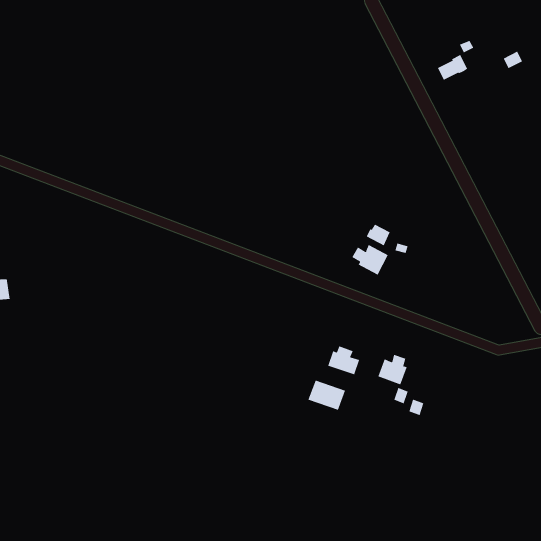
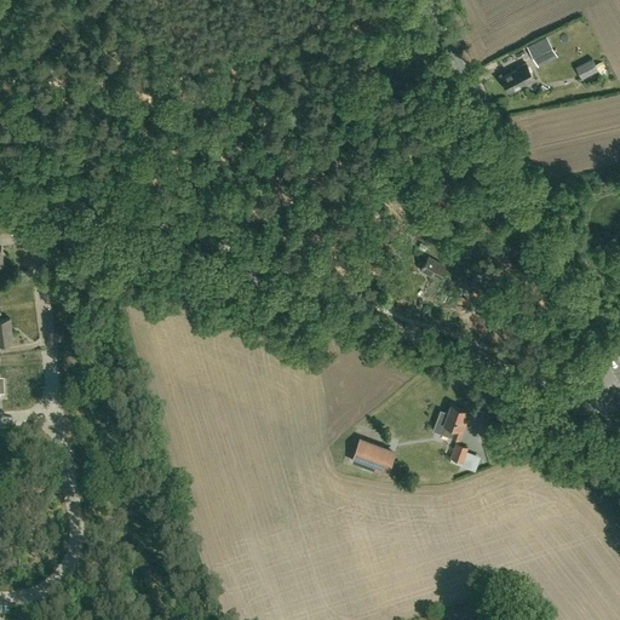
building: [352,244,388,275] -> none
building: [328,346,360,375] -> none

